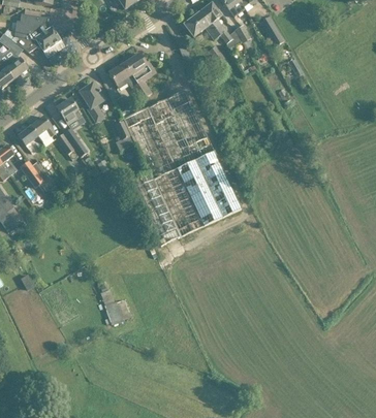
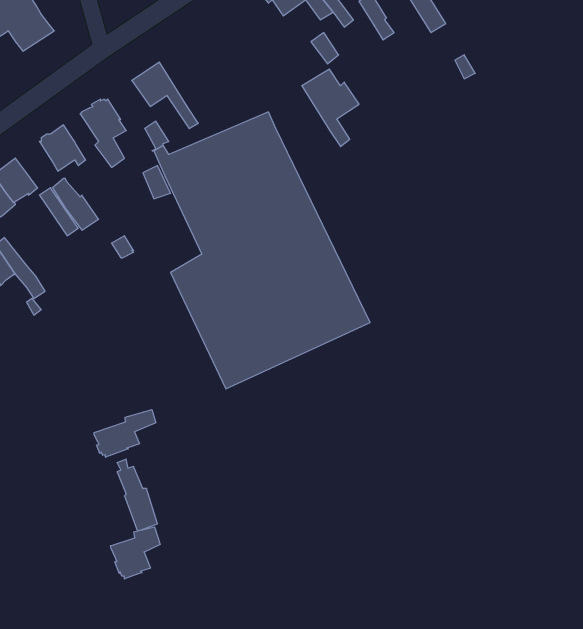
building: [124,54,156,97] -> [302,69,359,147]
building: none -> [94,410,156,457]
building: none -> [111,527,160,579]

